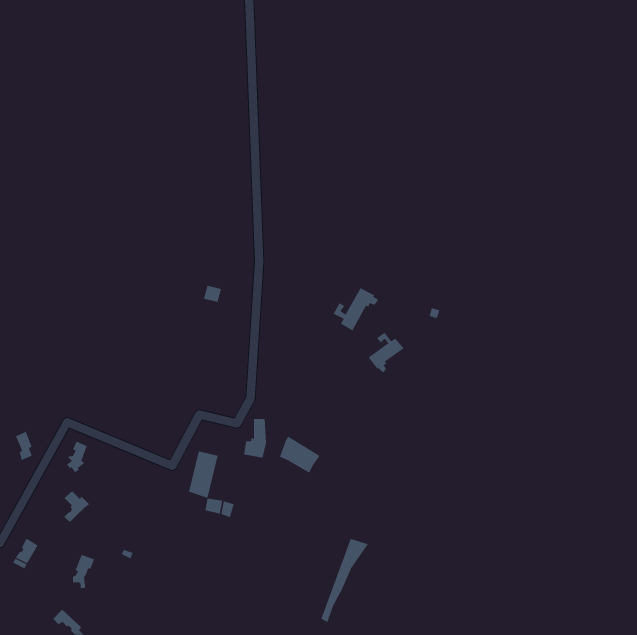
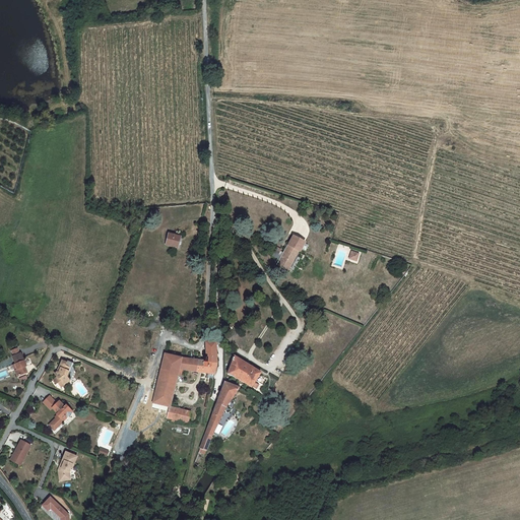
building: [368,332,405,373] -> none
building: none -> [161,353,200,372]
building: [320,538,369,623] -> [200,381,240,450]

